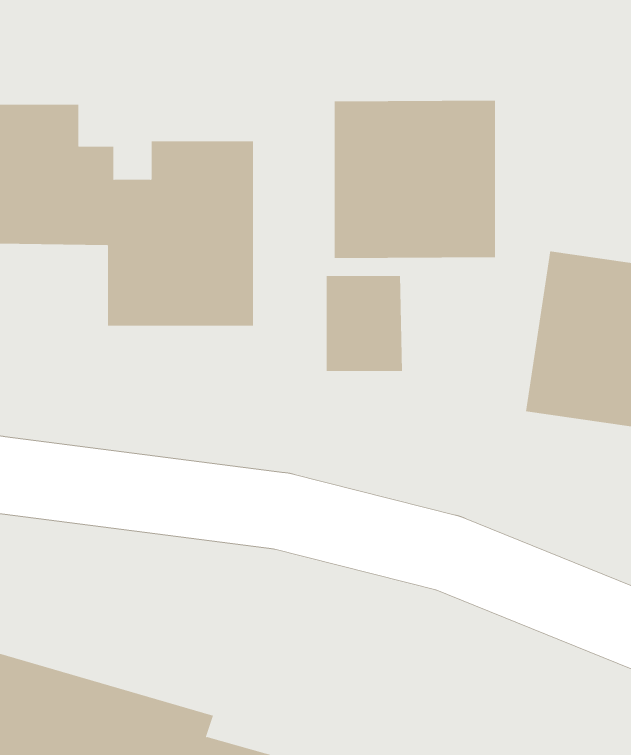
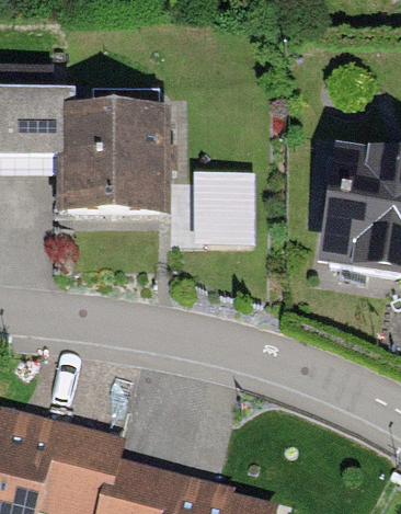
building: [334,100,496,259] -> none

